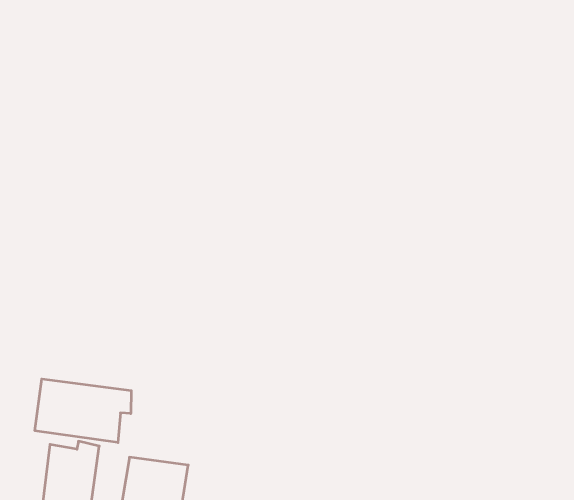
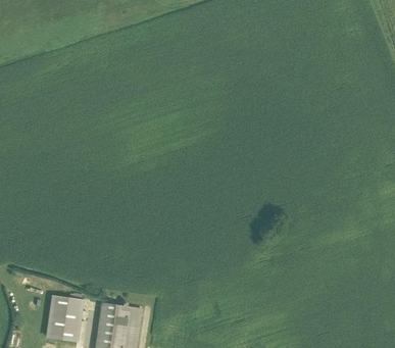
building: [35,379,131,443] -> none

